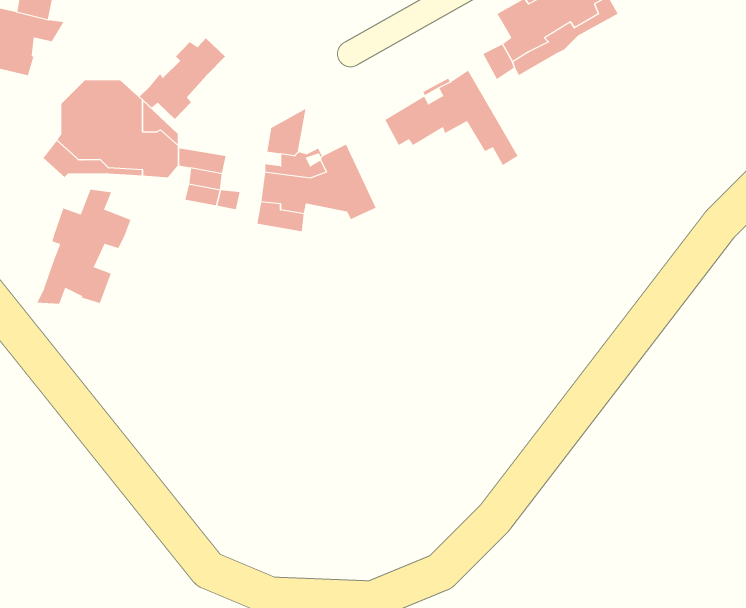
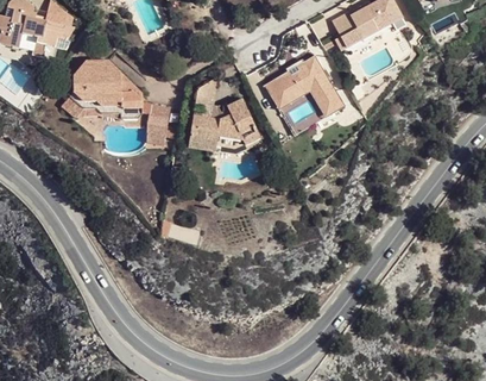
building: [139,37,226,120] -> none
building: none -> [273,85,335,117]
building: [36,189,131,304] -> none

